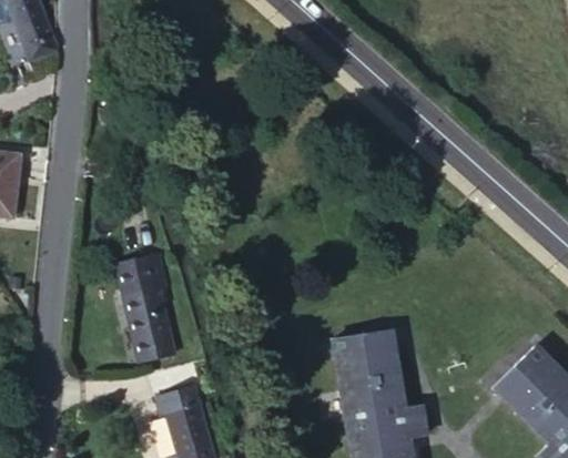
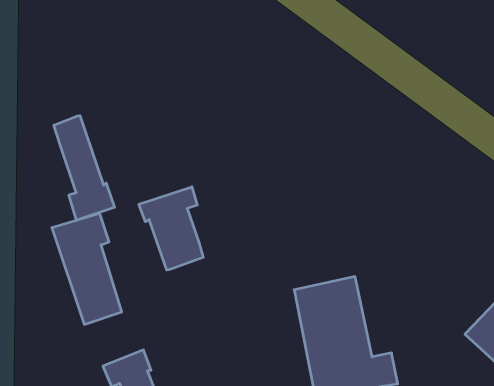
building: none -> [54,116,115,220]
building: none -> [139,187,203,270]

